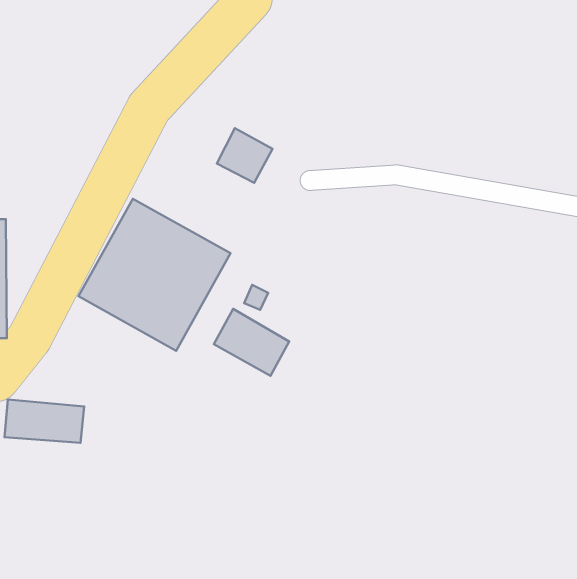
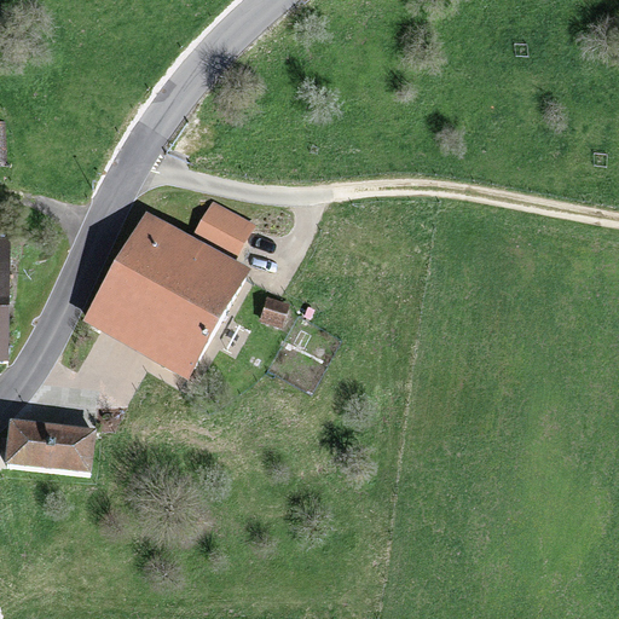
building: [217,128,272,183] -> [192,198,251,256]
building: [214,309,289,376] -> none

